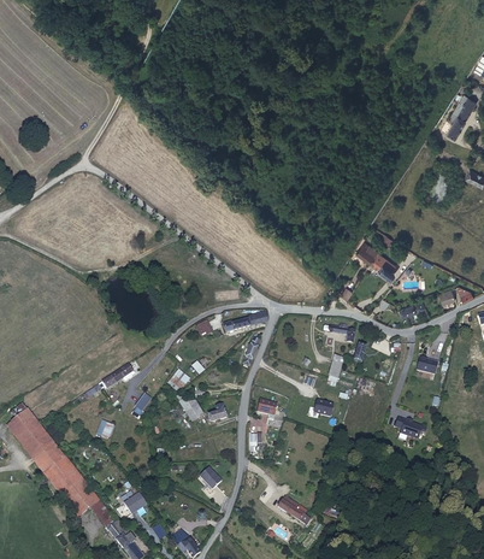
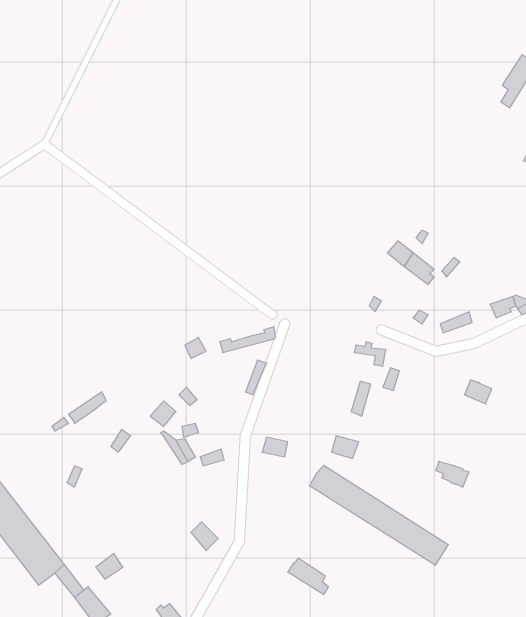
building: none -> [309,465,448,565]

